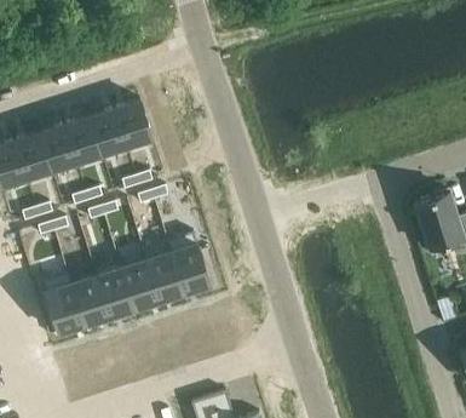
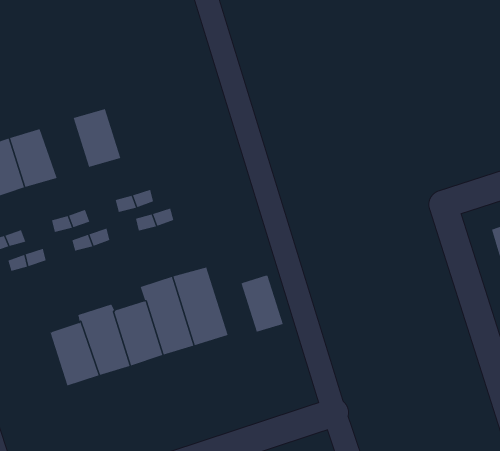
building: [115,101,153,148] -> none
building: [64,116,102,164] -> none
building: none -> [241,275,284,333]
building: [41,271,85,334] -> none

